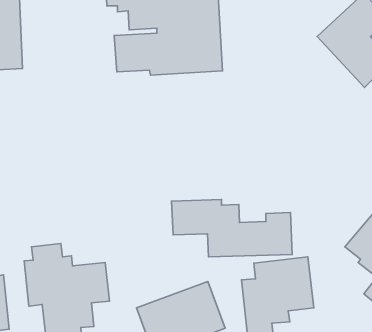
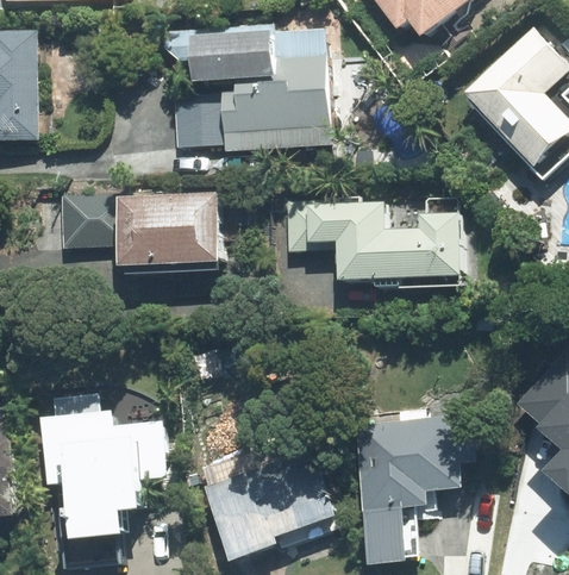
building: none -> [60,190,223,270]
building: [171,199,292,257] -> [286,198,461,281]

